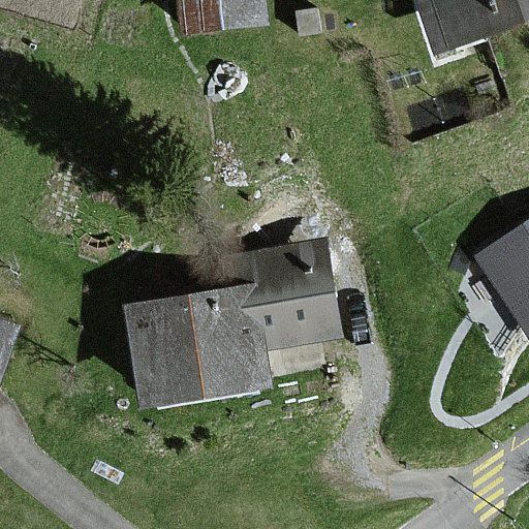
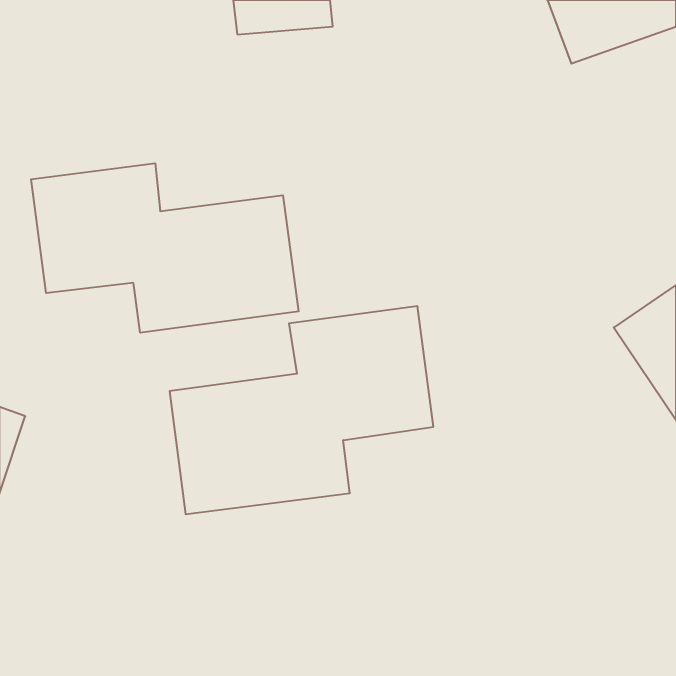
building: none -> [31,163,299,333]

